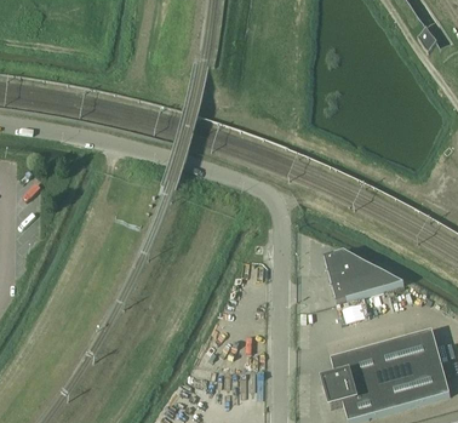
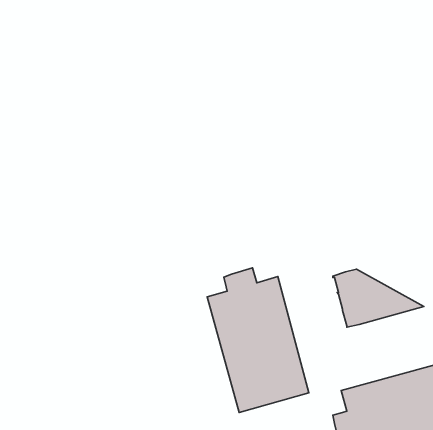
building: none -> [207,268,309,412]

